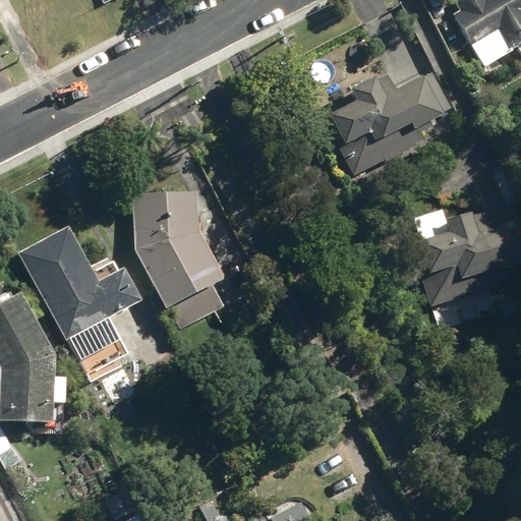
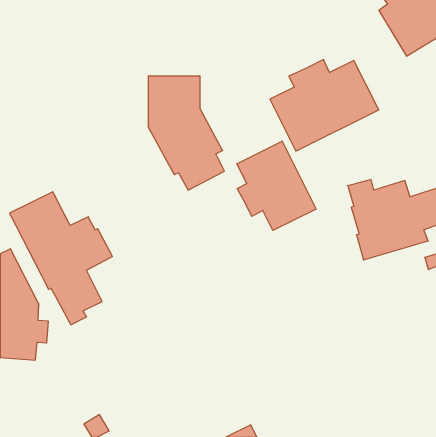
building: none -> [237,141,316,230]
building: [135,192,225,327] -> [148,76,224,190]

